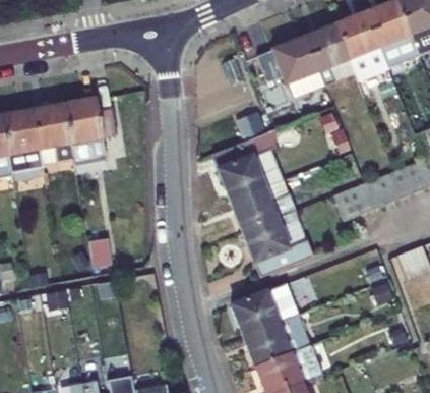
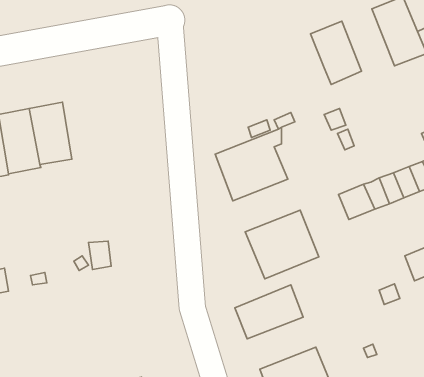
building: [335,11,387,78] -> none
building: [255,36,318,83] -> none
building: [62,97,115,164] -> none
building: [229,178,295,230] -> none
building: [243,314,310,364] -> none

